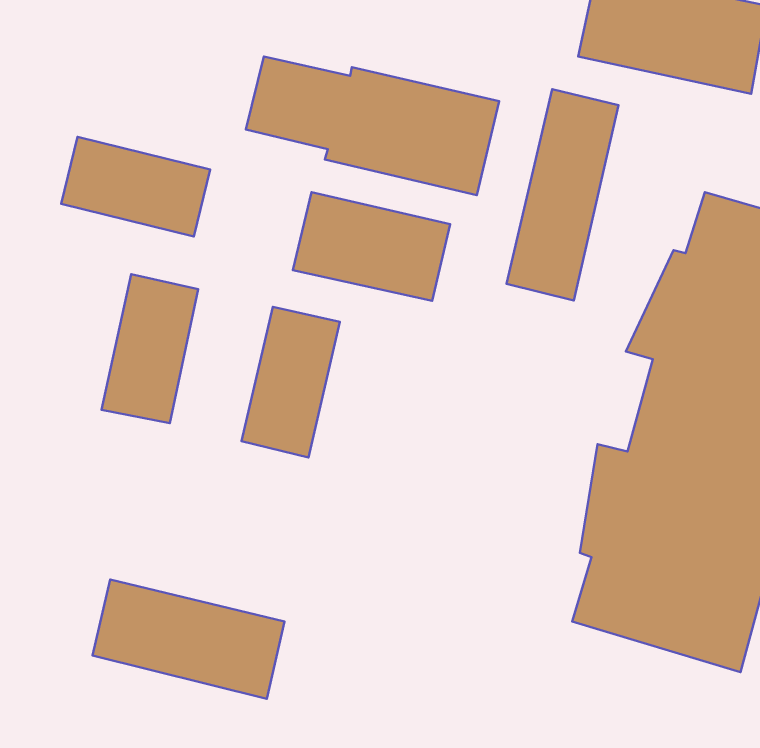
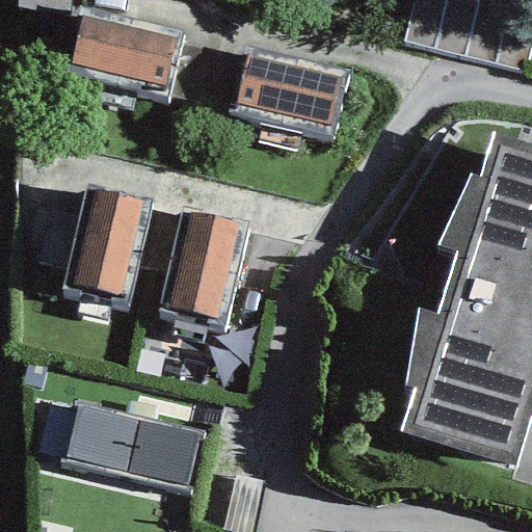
building: [506,89,618,300] -> none
building: [61,137,210,237] -> [72,17,176,86]
building: [293,192,450,301] -> none

